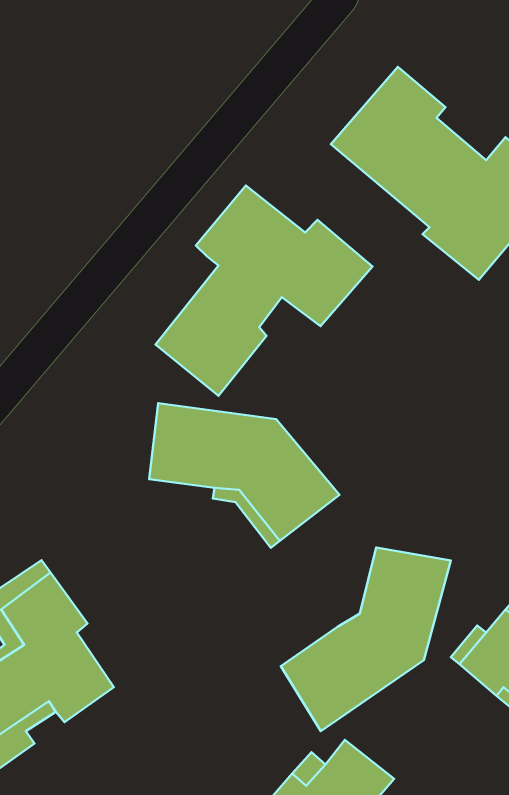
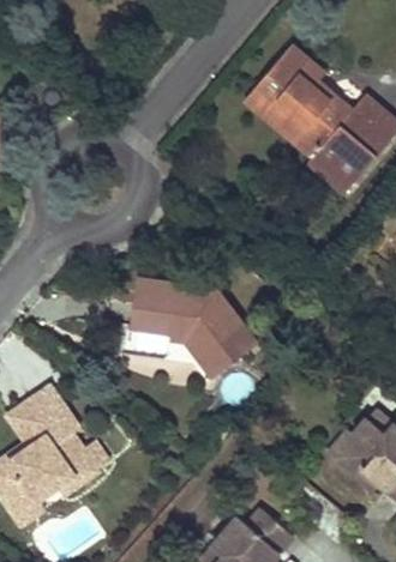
building: [156,186,373,396] -> none
building: [281,547,451,731] -> none

